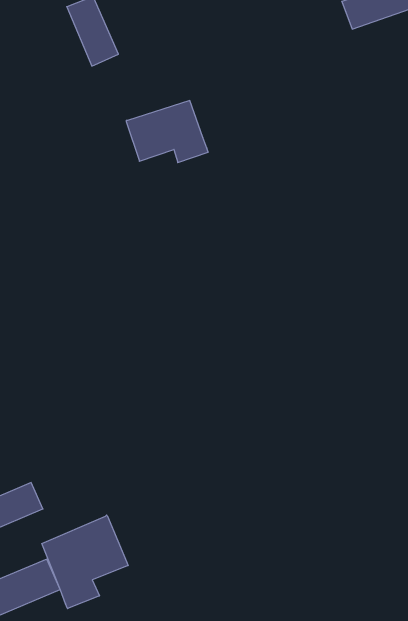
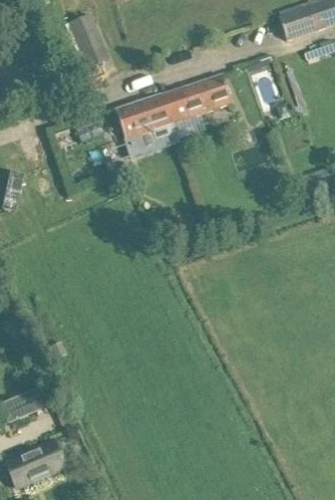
building: none -> [162,74,232,121]
building: [42,515,128,609] -> none

